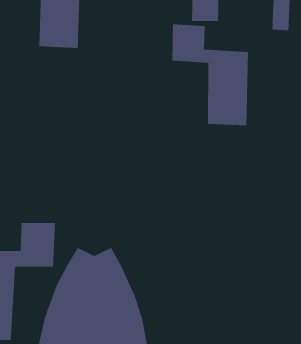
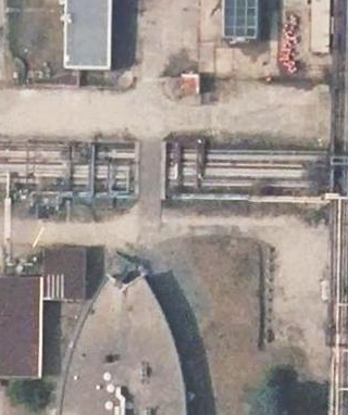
building: [171,24,249,126] -> none

